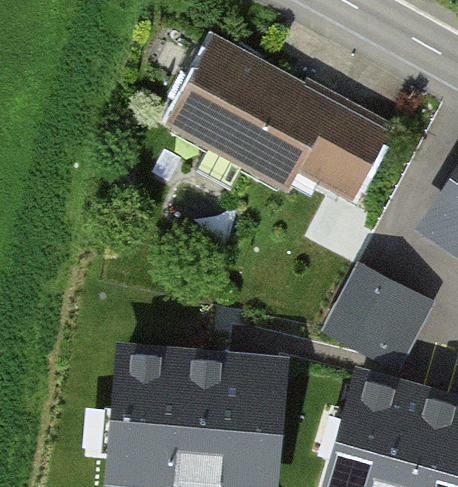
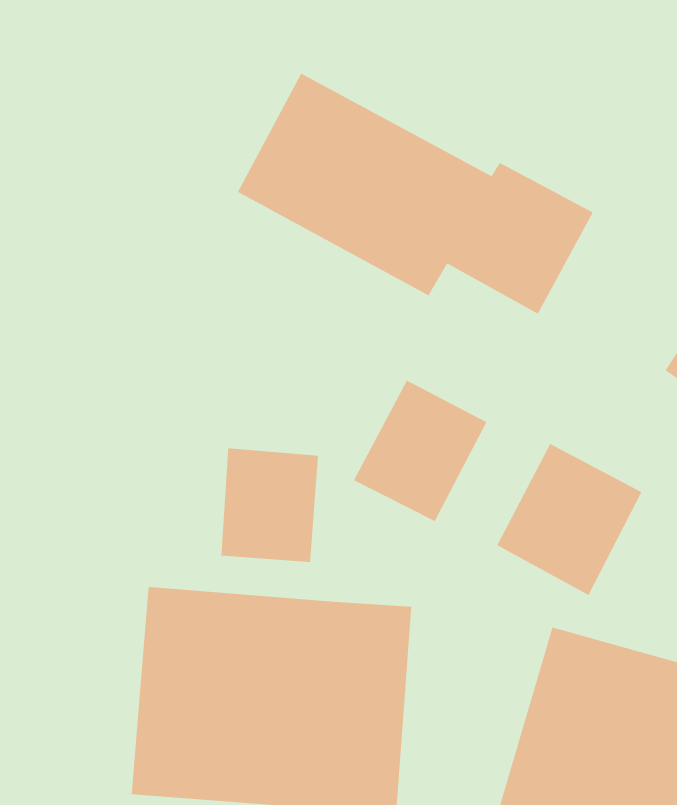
building: none -> [353,380,488,522]
building: none -> [220,447,319,563]

